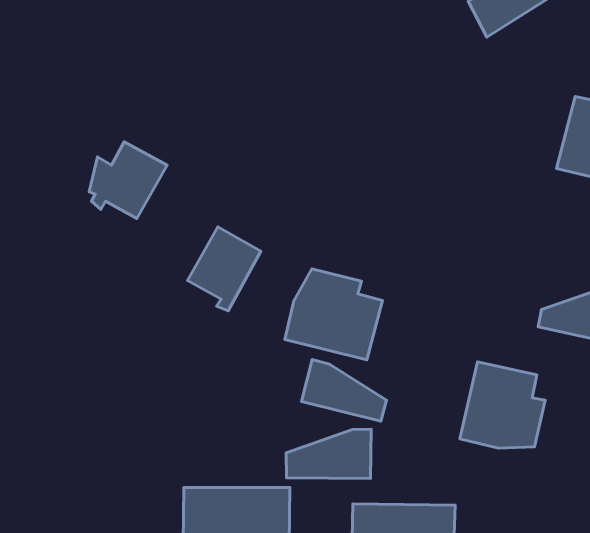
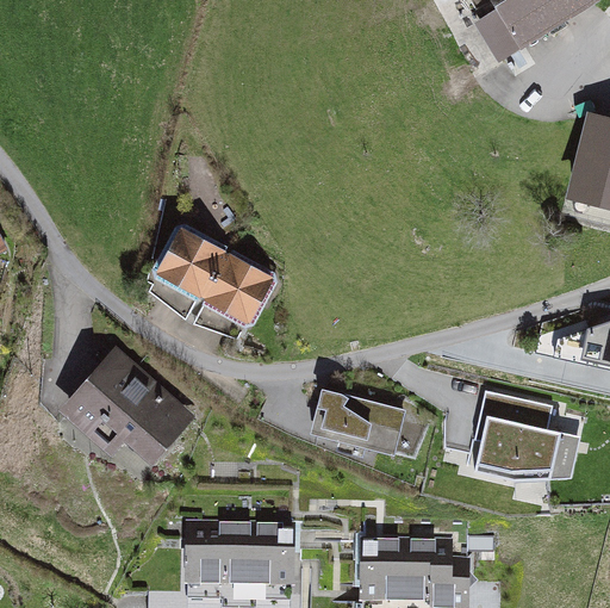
building: [89,142,167,219] -> [148,229,228,308]
building: [285,269,382,360] -> none
building: none -> [56,349,188,474]
building: [286,429,371,479] -> none

